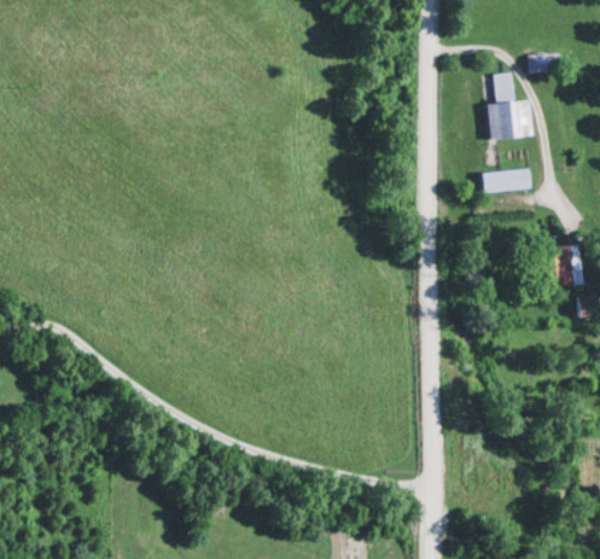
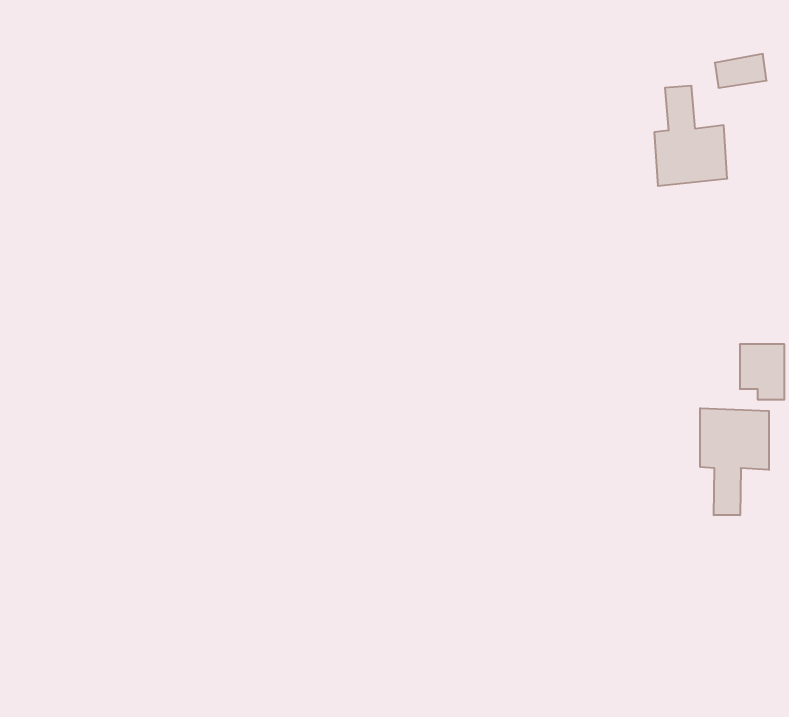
building: [482,171,531,191] -> none
building: none -> [700,408,769,515]

